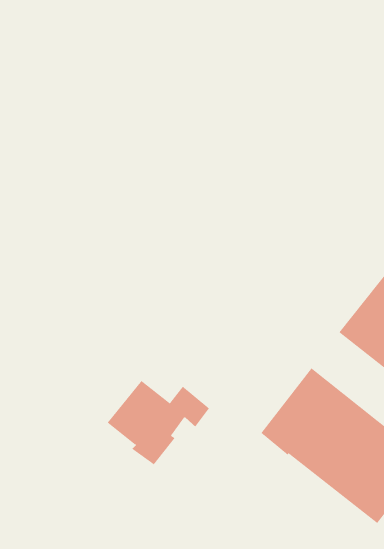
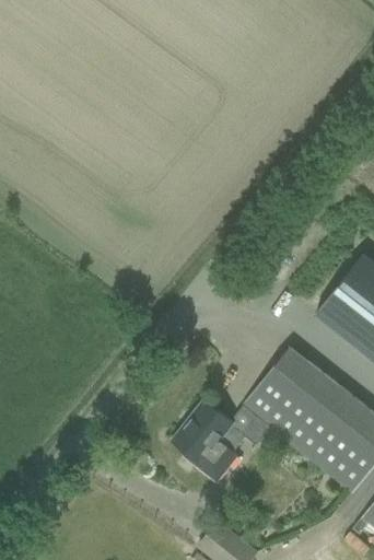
building: [107,380,210,465] -> [173,402,268,481]

